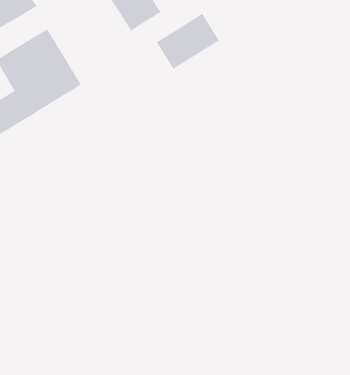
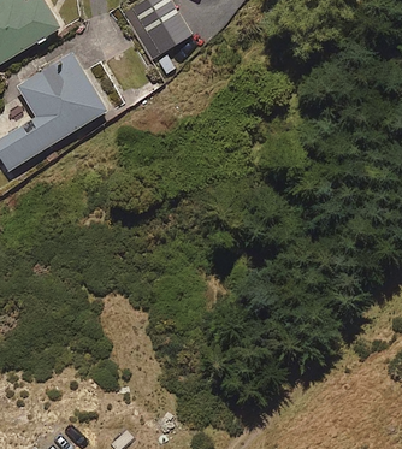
building: [156,13,220,70] -> none

